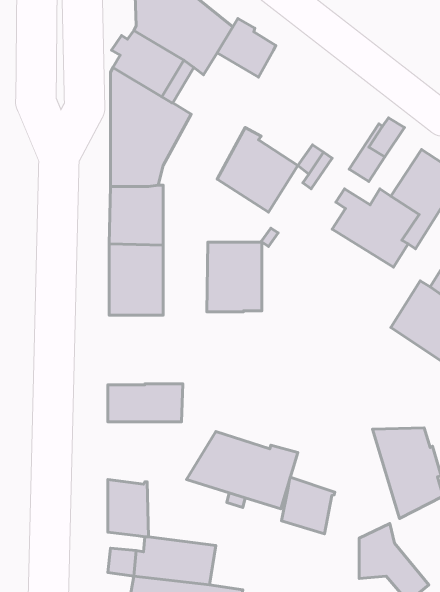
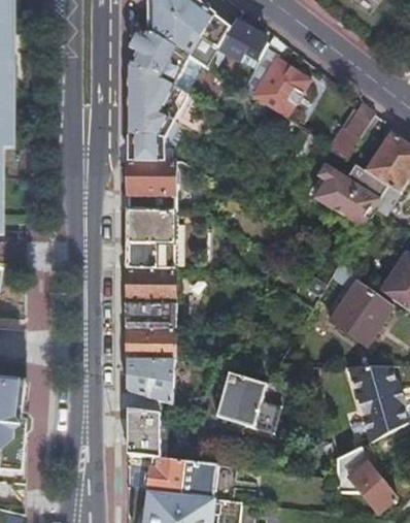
building: [217,128,298,212] -> [243,48,311,120]
building: [207,242,262,312] -> [128,271,174,330]
building: none -> [327,263,395,347]
building: none -> [128,361,174,414]
building: [281,477,335,534] -> none

